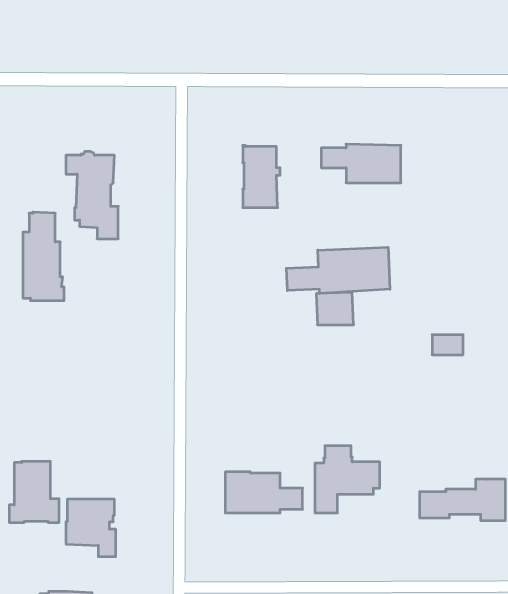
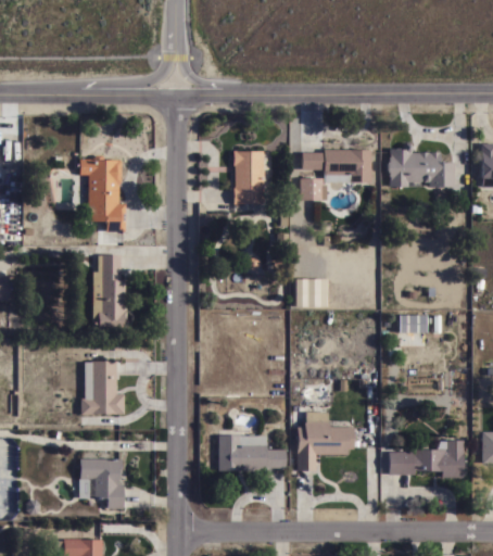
building: none -> [388,142,455,187]
building: none -> [301,178,328,200]
building: [23,212,64,301] -> [93,254,129,331]
building: [286,247,390,294] -> none
building: [9,461,59,522] -> [81,361,125,414]

